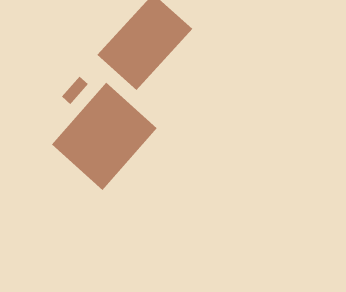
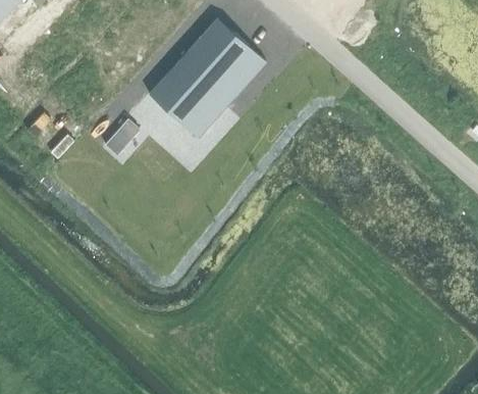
building: [51,82,158,191] -> none

